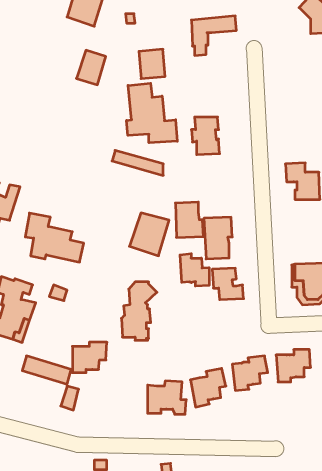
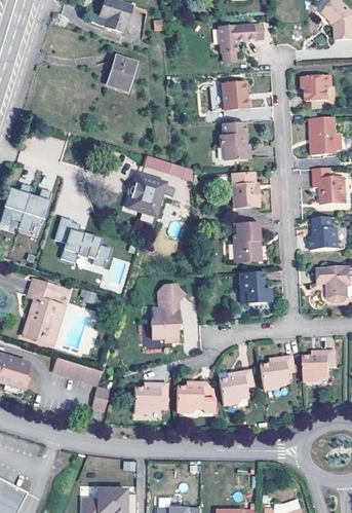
building: [139,49,165,79] -> [221,80,246,109]
building: none -> [304,75,333,101]
building: [127,83,177,143] -> none
building: none -> [308,116,341,154]
building: [175,202,204,237] -> [231,171,259,206]
building: [129,213,169,256] -> [125,174,164,216]
building: none -> [310,216,339,250]
building: [180,254,209,286] -> none
building: [72,342,107,373] -> [133,383,167,413]

